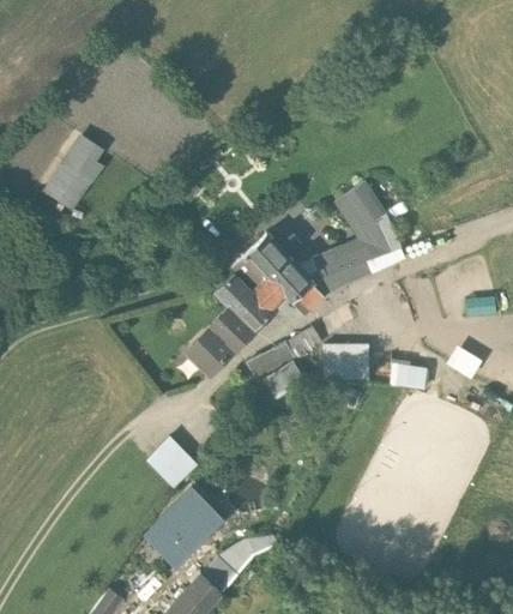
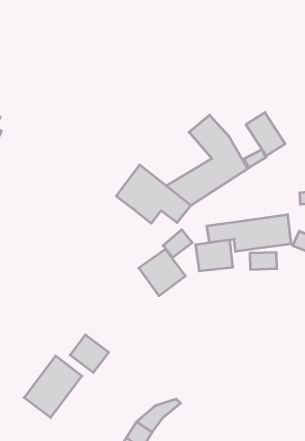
building: none -> [246,112,285,156]
building: [186,271,273,373] -> none
building: none -> [207,214,291,252]
building: [146,487,223,564] -> [24,356,82,418]

